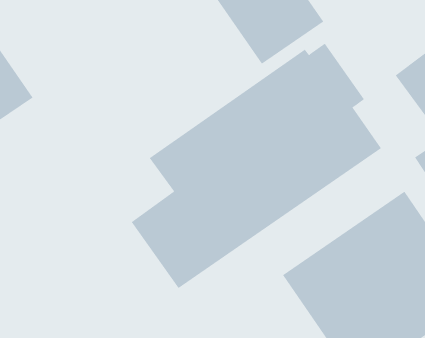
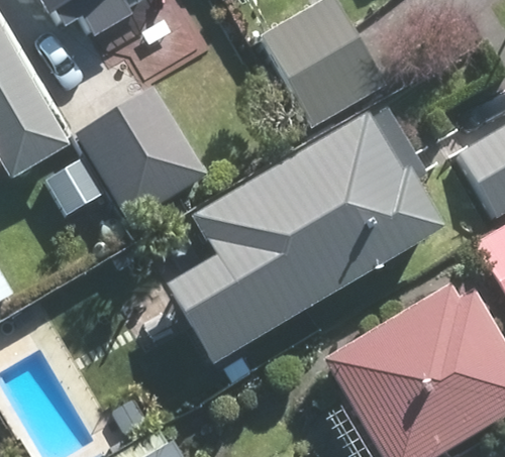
building: none -> [77,85,210,220]

